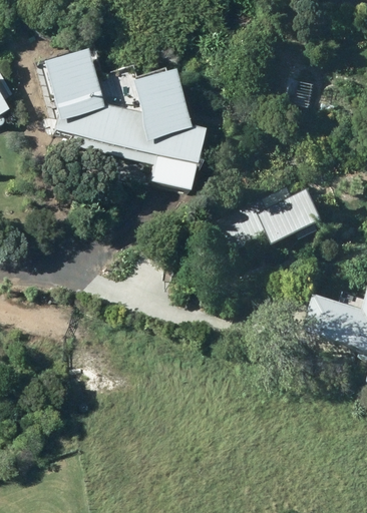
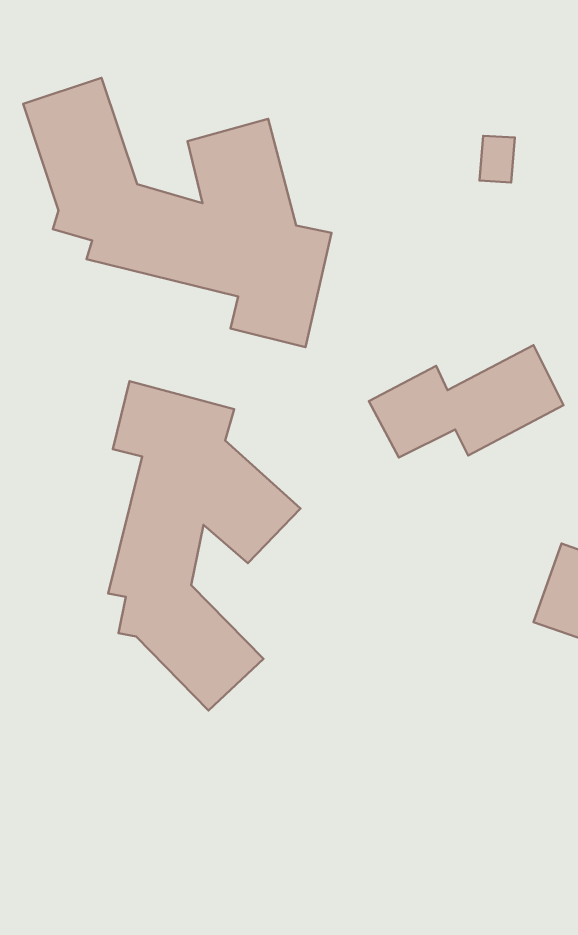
building: none -> [108,381,301,710]

